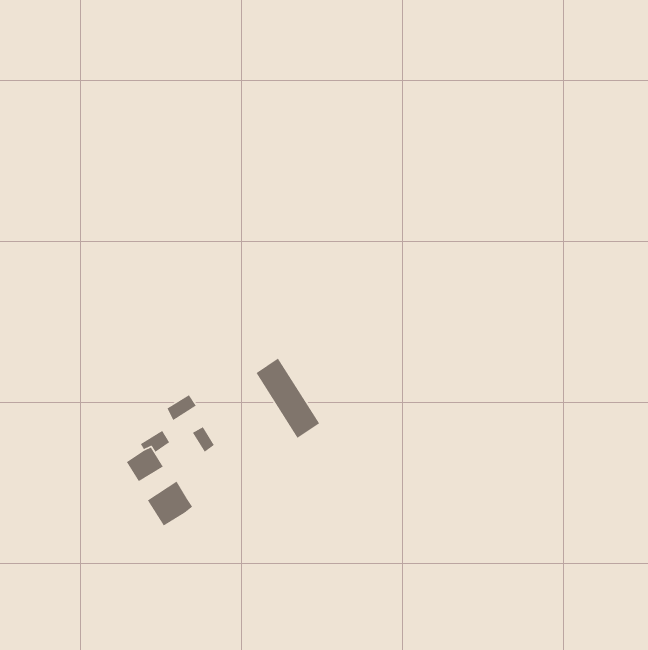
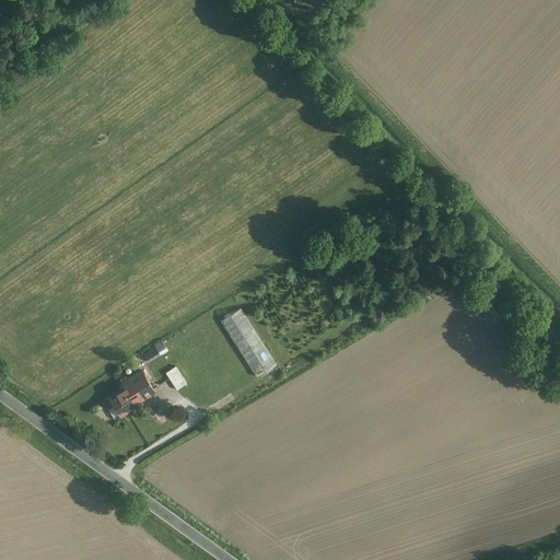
building: [147,481,193,526] -> none

